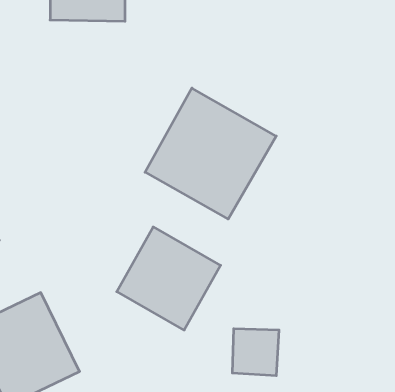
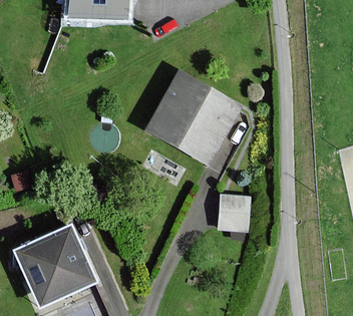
building: [117,227,221,330] -> none
building: [232,329,279,376] -> [217,191,252,226]

